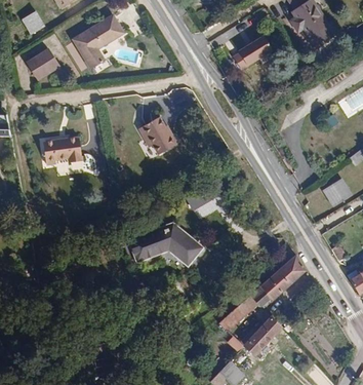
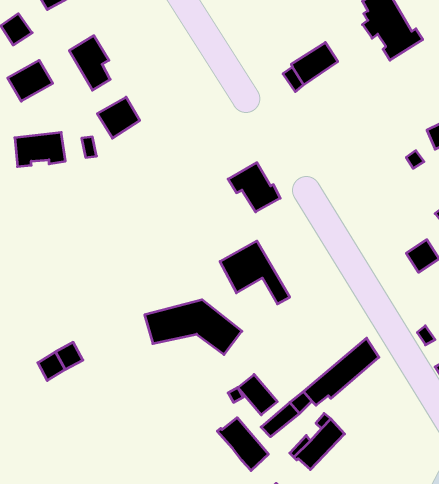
building: [92,15,124,46] -> [97,97,140,138]
building: [136,117,175,154] -> [228,163,280,212]
building: [44,138,82,163] -> [15,132,65,167]
building: none -> [238,374,277,415]
building: none -> [217,418,268,471]

